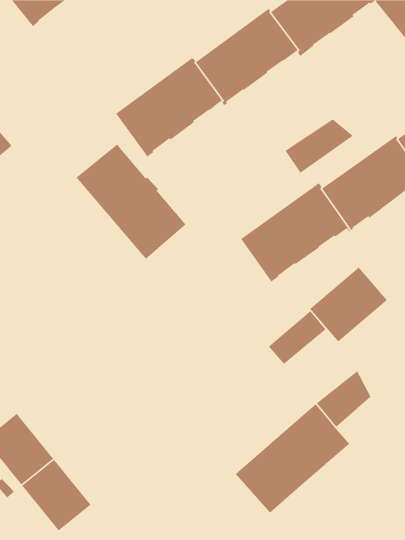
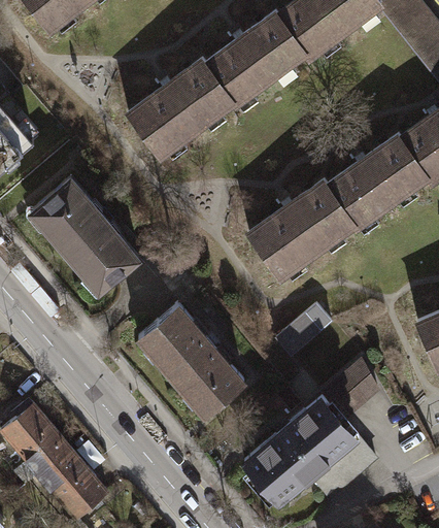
building: [284,119,354,174] -> none
building: [75,143,187,260] -> [32,180,139,293]
building: [309,267,388,342] -> none
building: none -> [139,305,245,417]
building: none -> [308,434,375,495]

